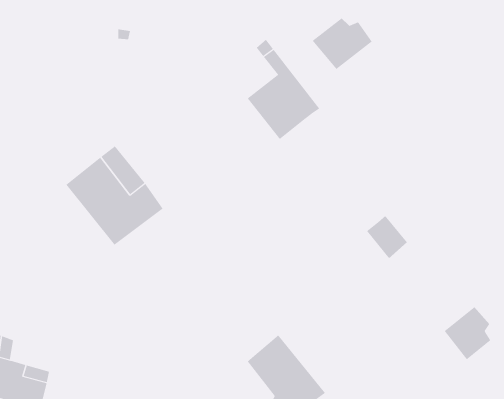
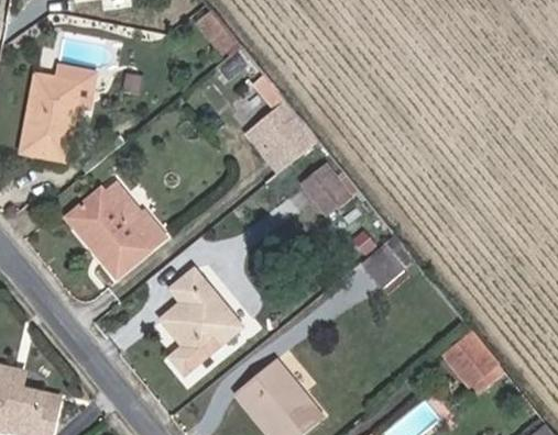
building: [312,17,373,70] -> none
building: none -> [28,66,85,155]
building: none -> [310,165,363,218]
building: none -> [162,265,242,369]

